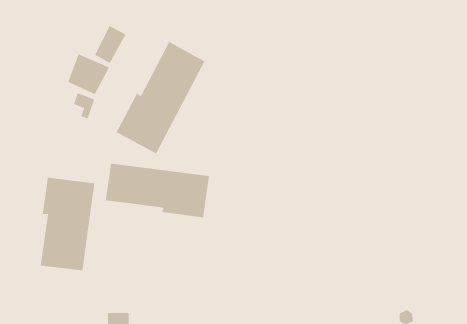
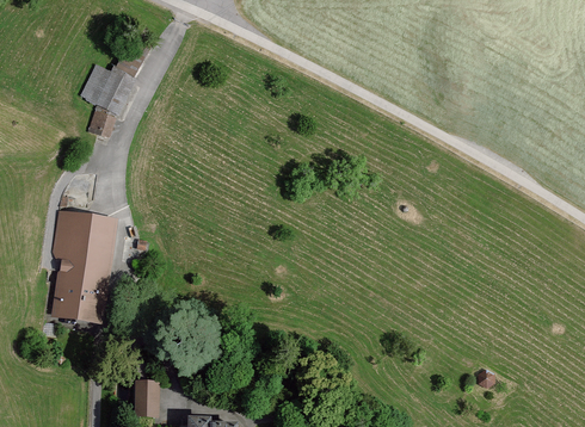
building: [115,41,205,154] -> none
building: [105,163,210,218] -> none

